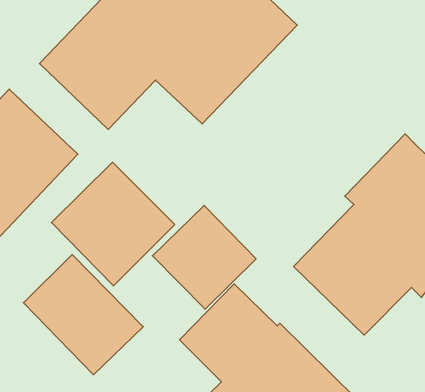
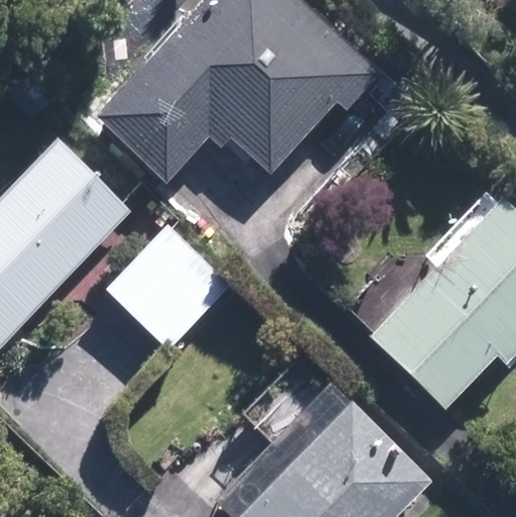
building: [152,205,256,309] -> none
building: [23,255,143,375] -> none

